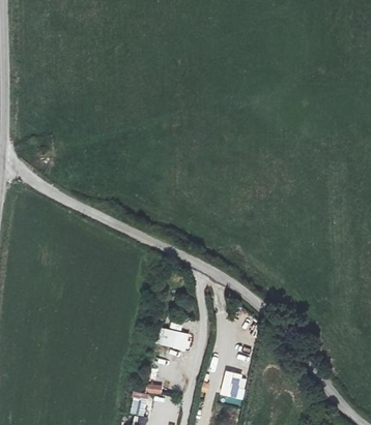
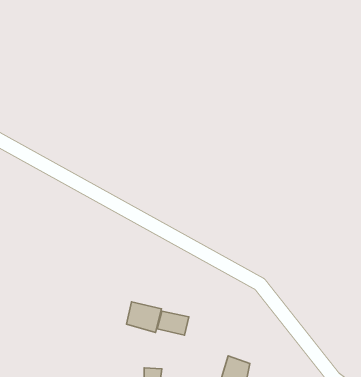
building: none -> [126,302,161,332]

